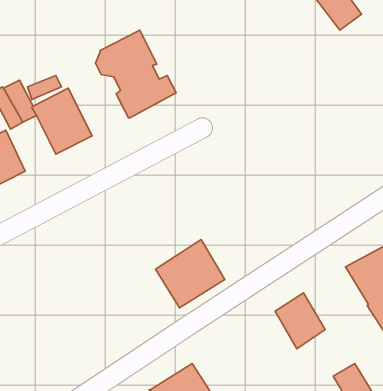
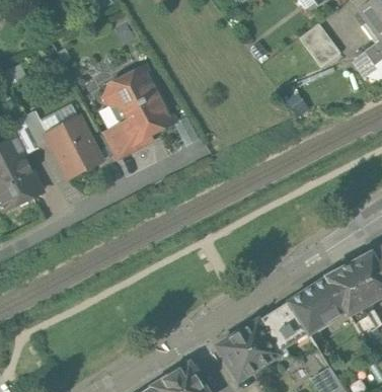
building: none -> [100,126,136,159]
building: [156,240,225,308] -> [217,318,279,379]
building: none -> [288,276,346,332]

